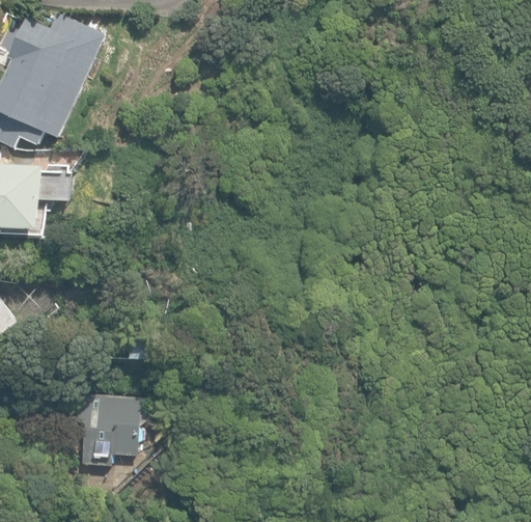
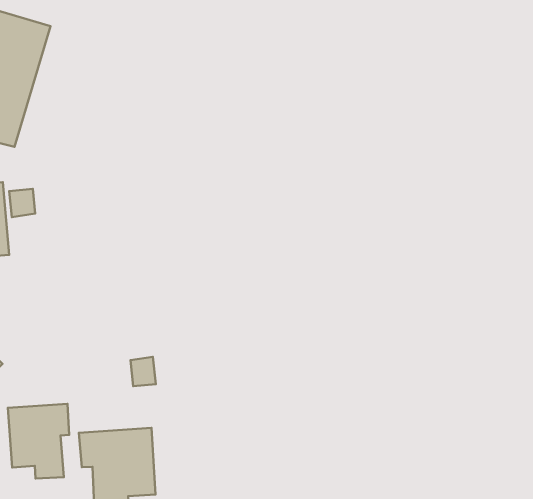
building: none -> [8,404,69,479]

